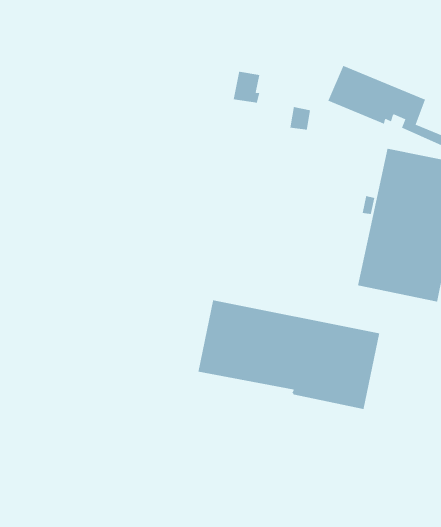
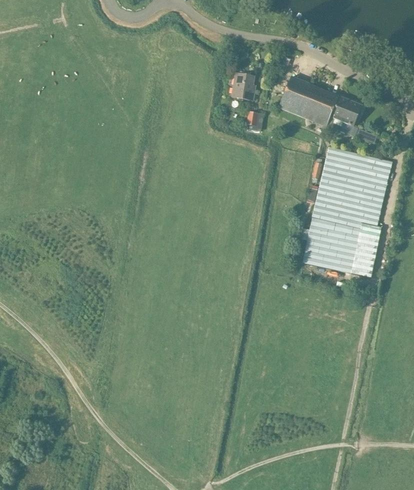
building: [233,71,260,103] -> [230,72,253,99]
building: [198,300,380,410] -> none

